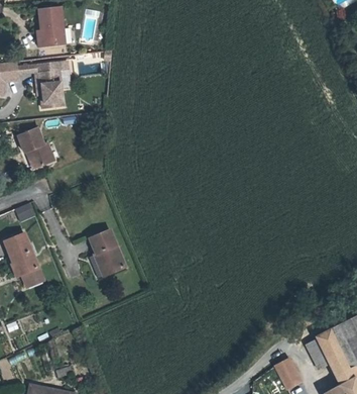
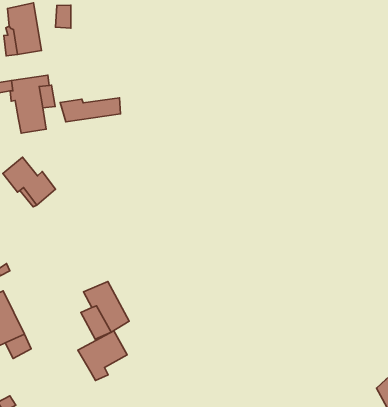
building: none -> [60,98,120,122]
building: none -> [78,331,127,381]

